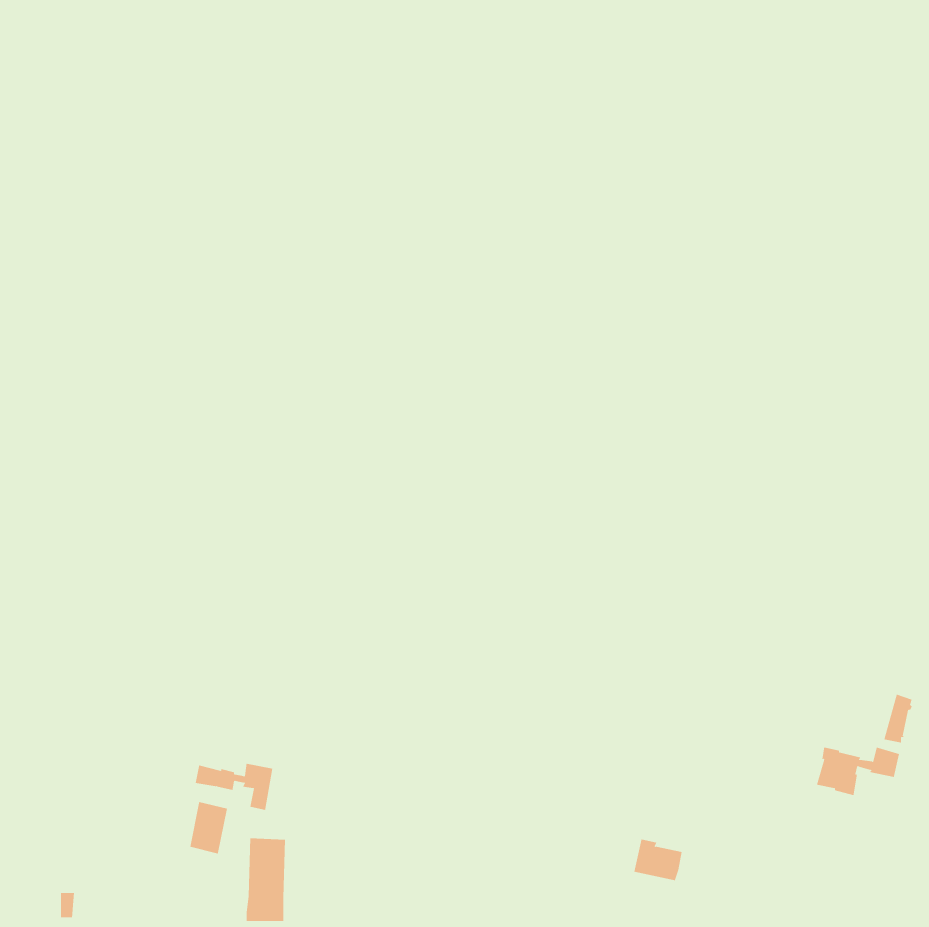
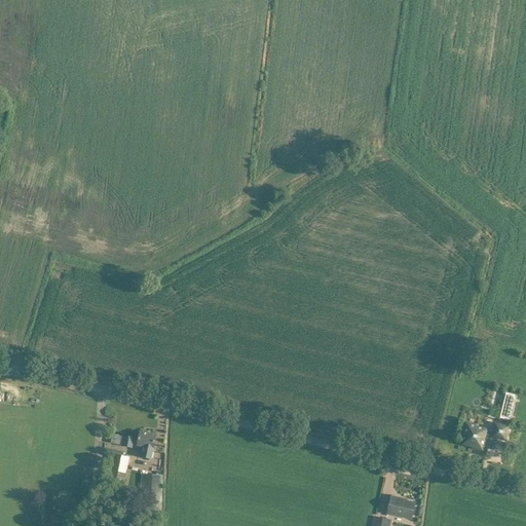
building: [633,839,683,881] -> [386,494,414,518]

